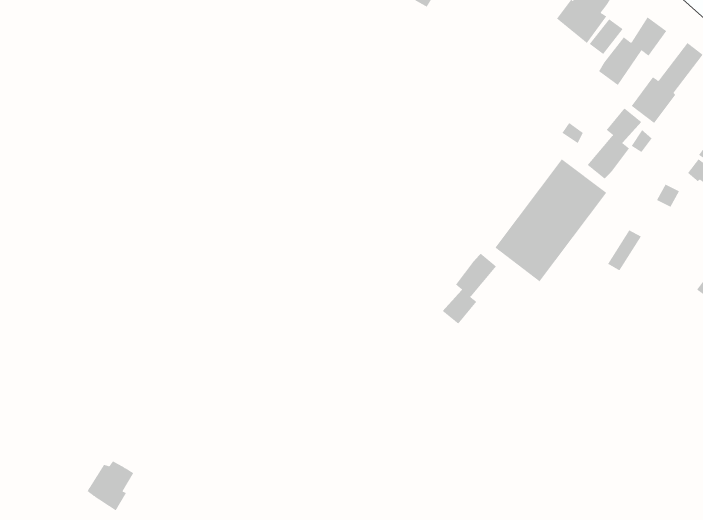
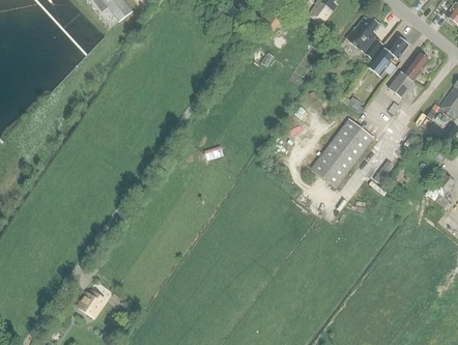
building: [587,107,642,180] -> none
building: [442,253,497,325] -> none

